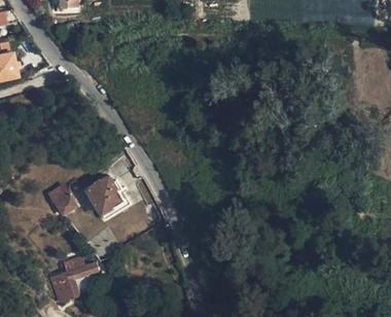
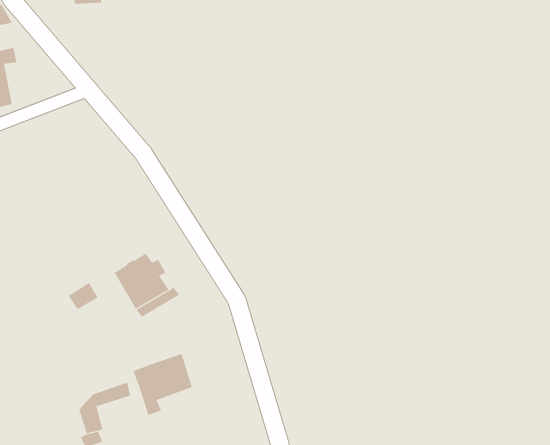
building: none -> [133,353,193,416]

